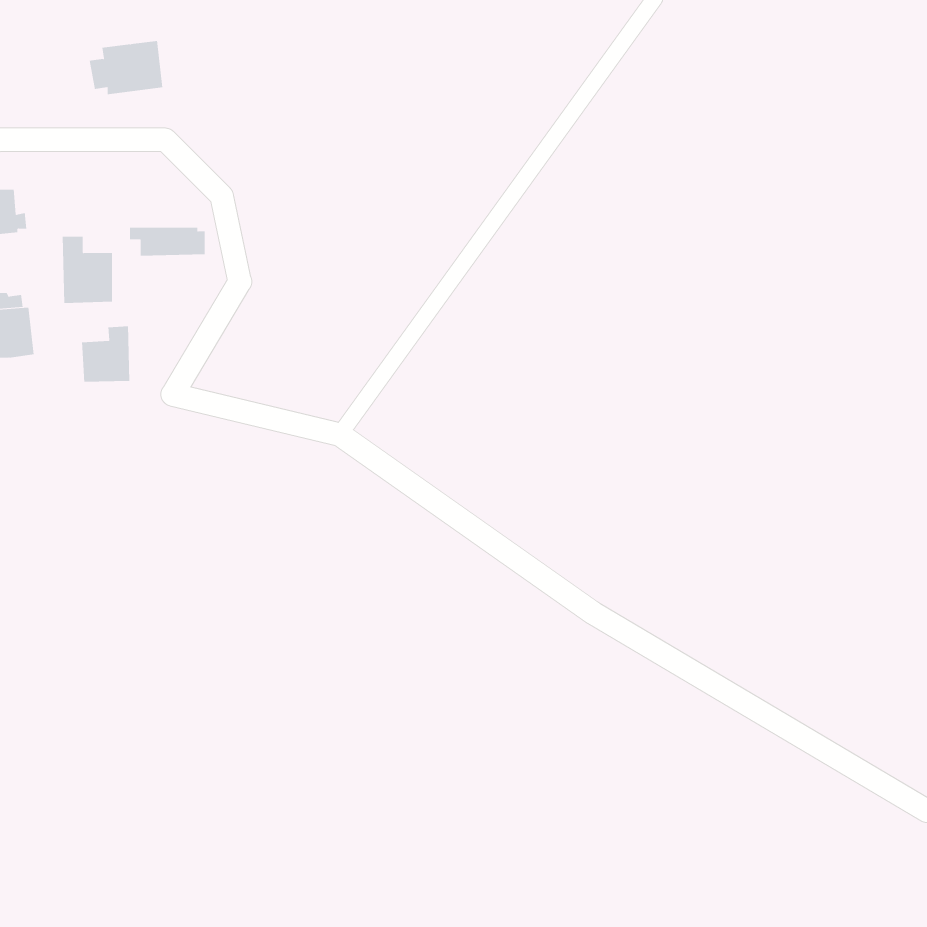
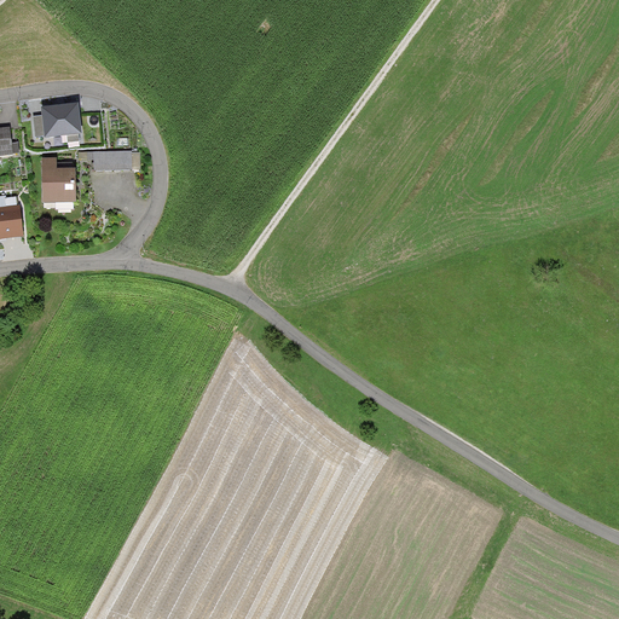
building: [89,40,163,95] -> [31,103,81,139]
building: [81,326,130,382] -> none

